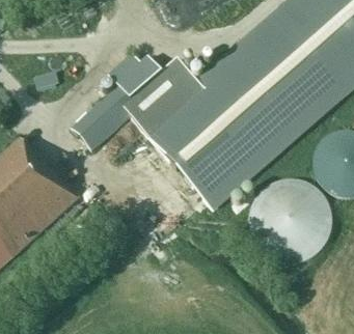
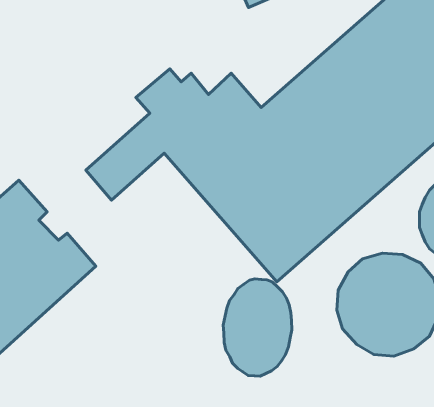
building: none -> [223,279,292,376]

